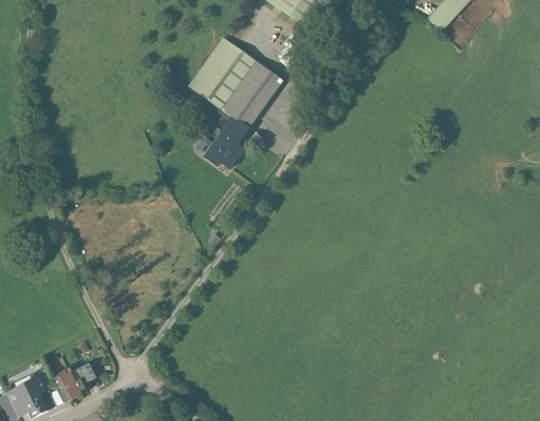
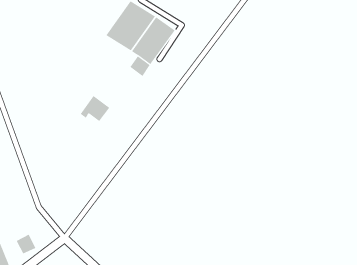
building: [202,131,243,167] -> [80,95,110,122]

